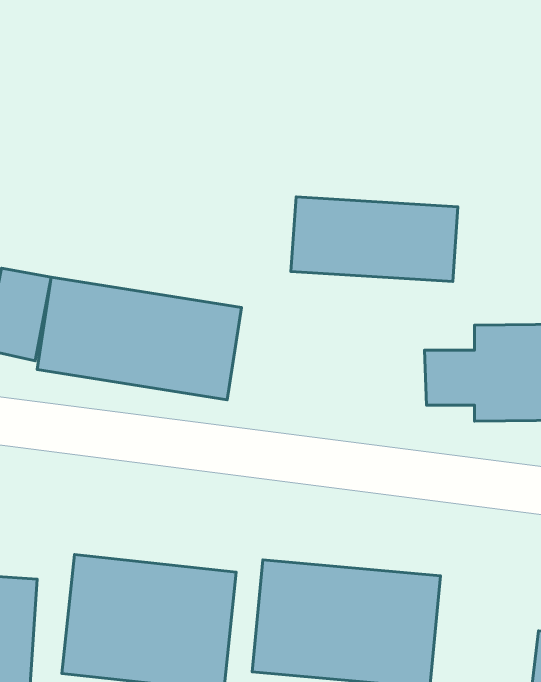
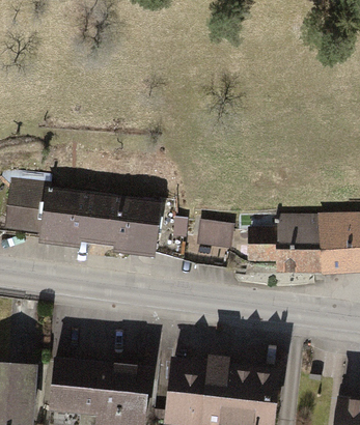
building: [291,197,458,282] -> none
building: none -> [200,219,237,250]

